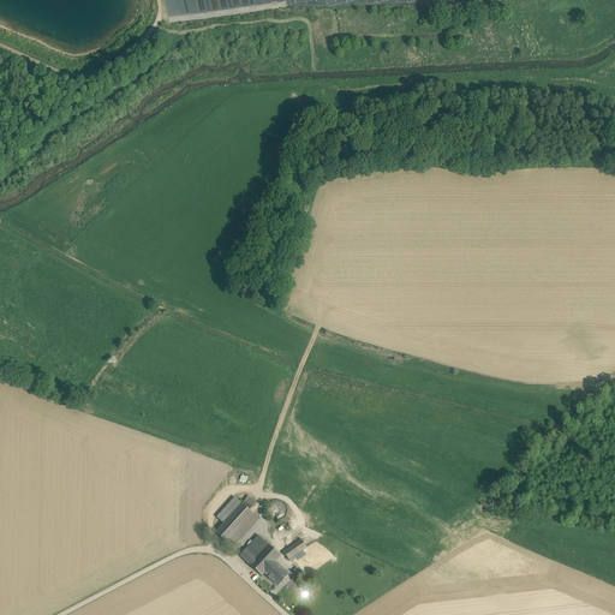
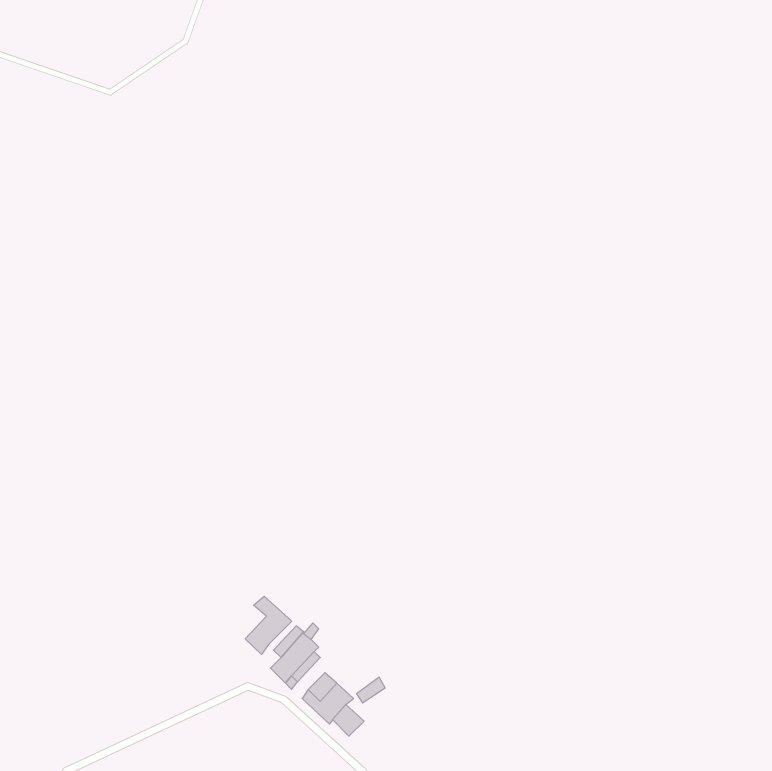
building: none -> [245,596,292,654]

